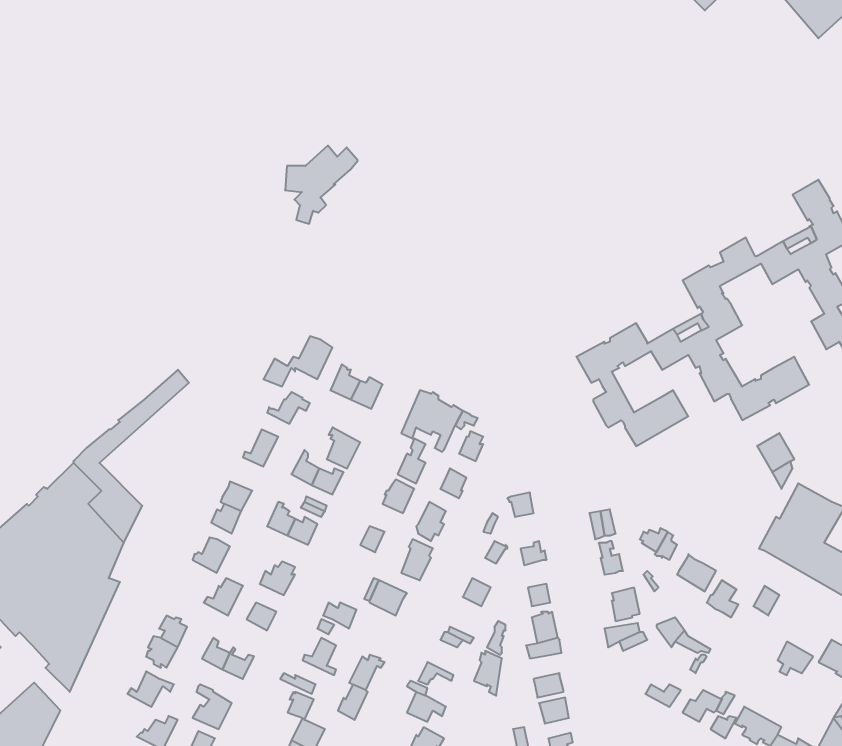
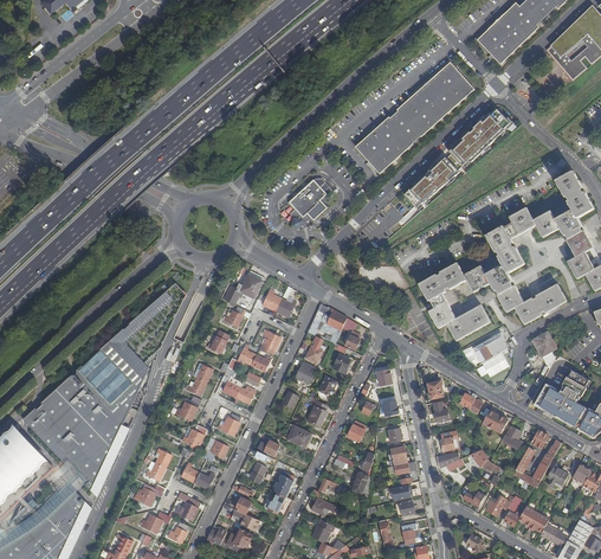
building: none -> [355,62,474,173]
building: none -> [405,107,511,210]
building: [285,146,358,224] -> [284,179,330,229]
building: none -> [474,332,508,362]
building: none -> [512,439,561,487]

